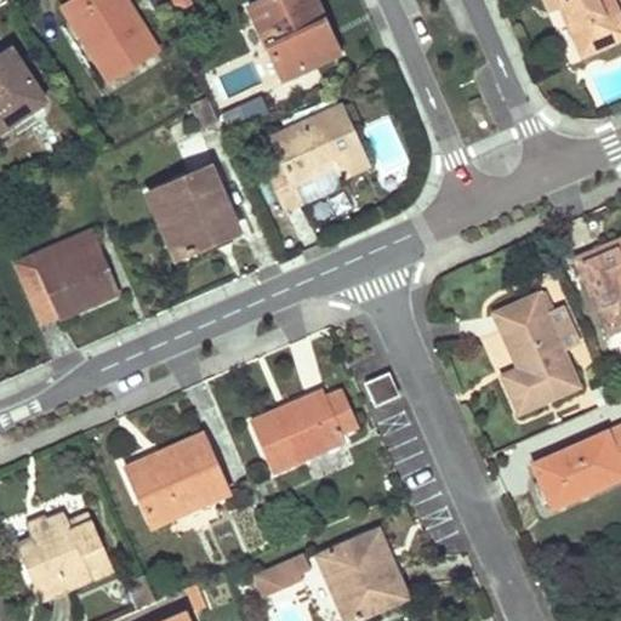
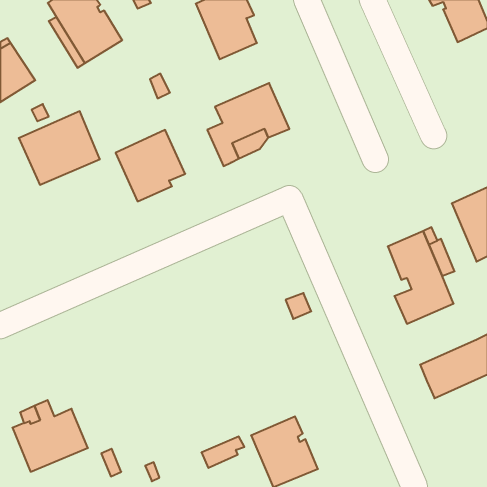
building: [16,229,119,323] -> [19,111,100,185]
building: [251,387,359,472] -> none
building: [125,433,227,525] -> none

